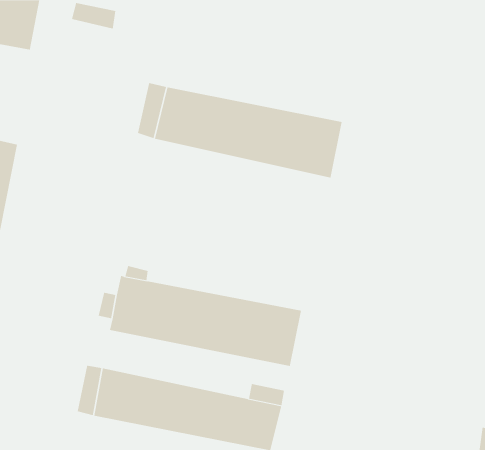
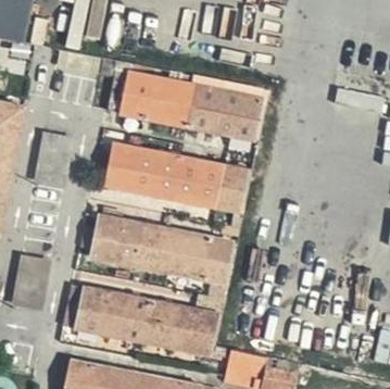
building: none -> [34,131,70,186]
building: none -> [104,145,250,213]
building: none -> [13,254,50,305]

